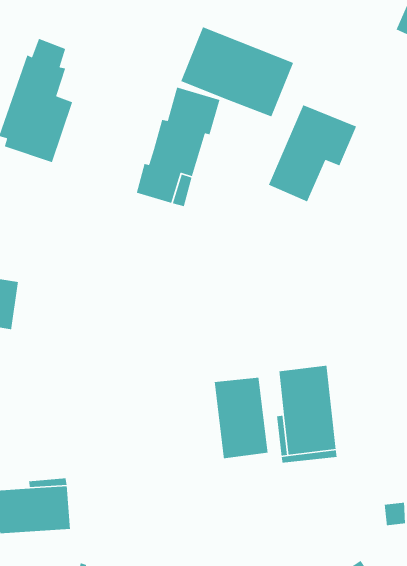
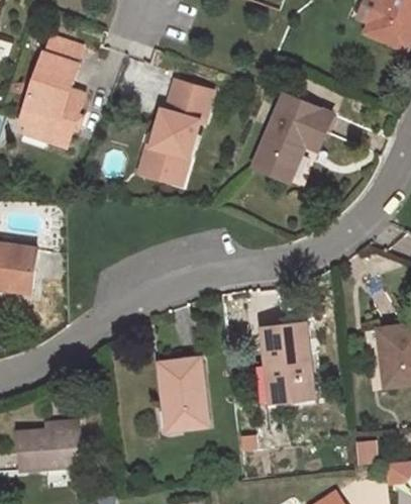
building: [180,26,294,118] -> none
building: [214,377,268,459] -> [159,359,206,430]

